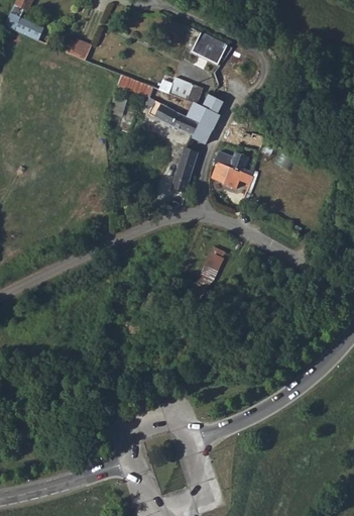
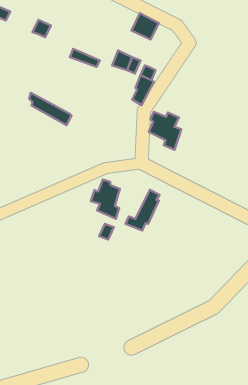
building: [147,96,199,135] -> [29,93,71,125]
building: [172,145,197,191] -> none
building: none -> [91,179,120,219]

